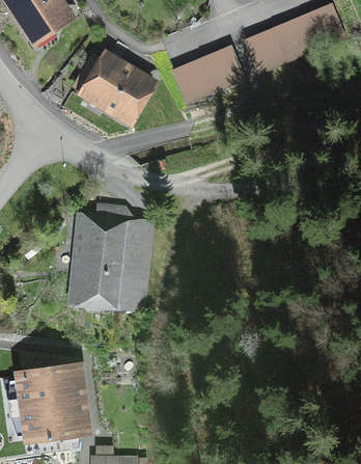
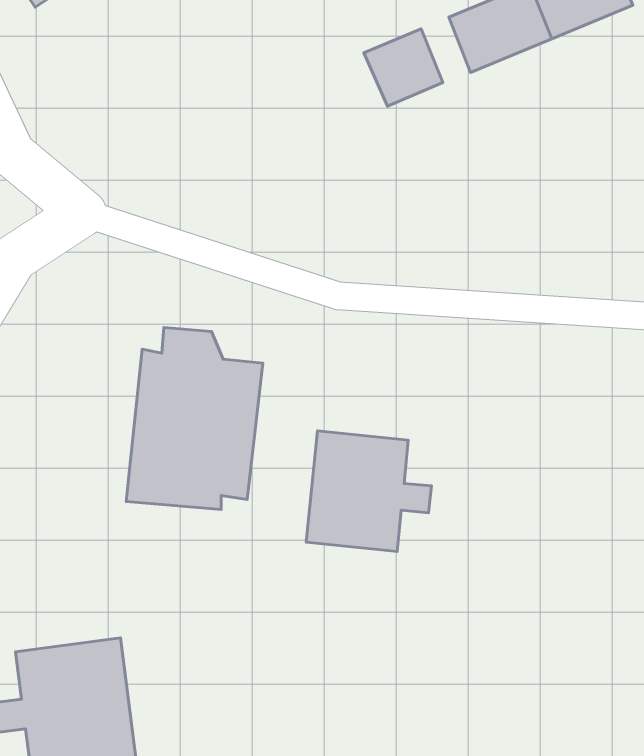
building: [74,55,148,119] -> none
building: [174,60,216,101] -> none
building: none -> [306,431,431,551]

